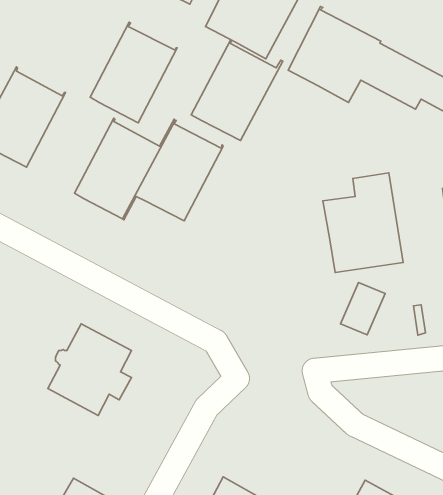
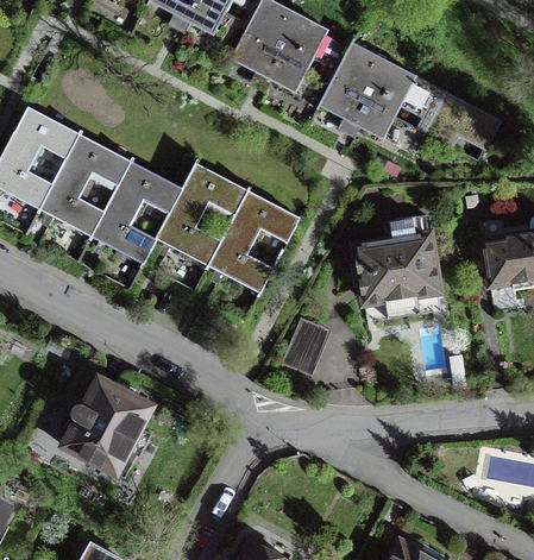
building: [90,22,177,123] -> [40,130,133,237]
building: [191,40,283,141] -> [208,187,306,294]
building: [340,282,385,335] -> [283,319,331,375]

